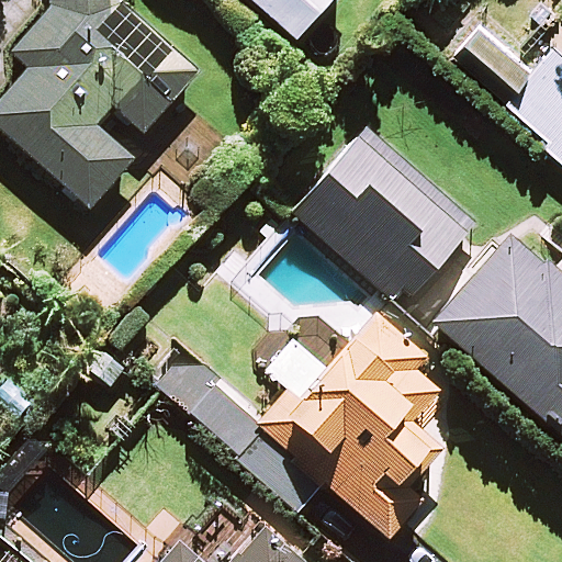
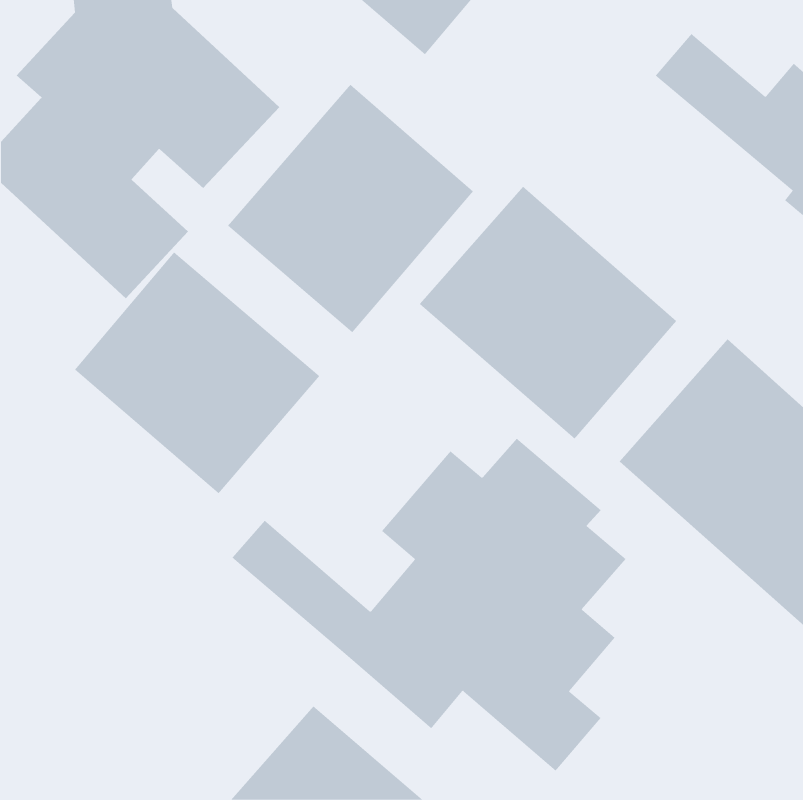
building: none -> [227,84,474,333]
building: none -> [74,251,320,494]

